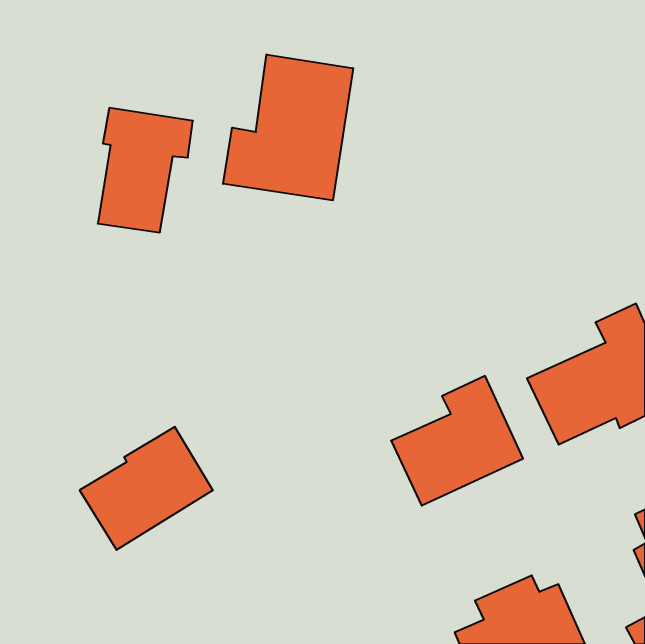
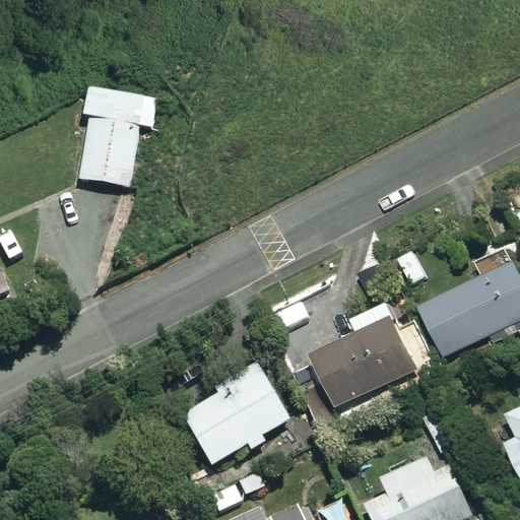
building: [223,54,353,200] -> none
building: [80,427,213,550] -> [182,367,288,465]

